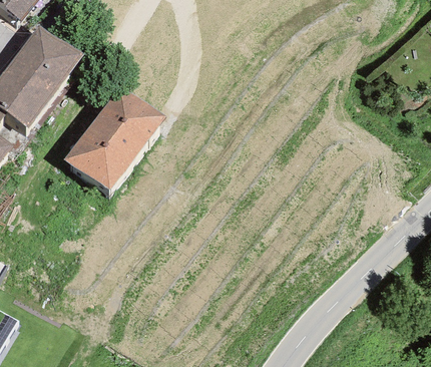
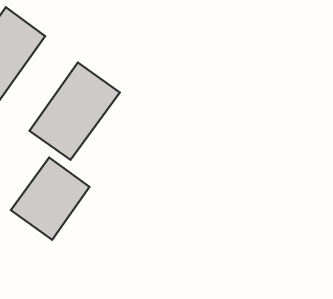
building: none -> [11,158,89,240]

